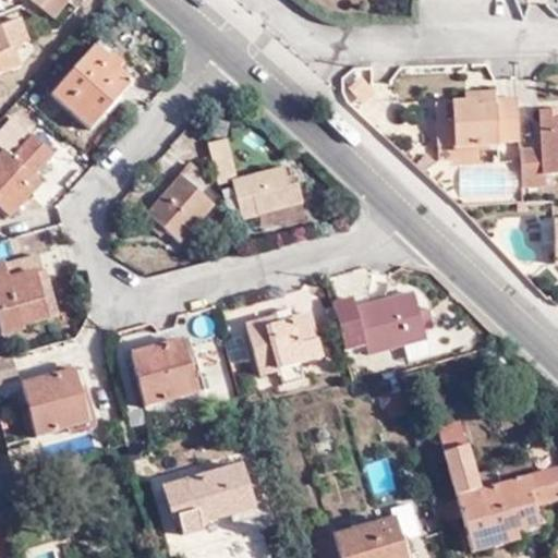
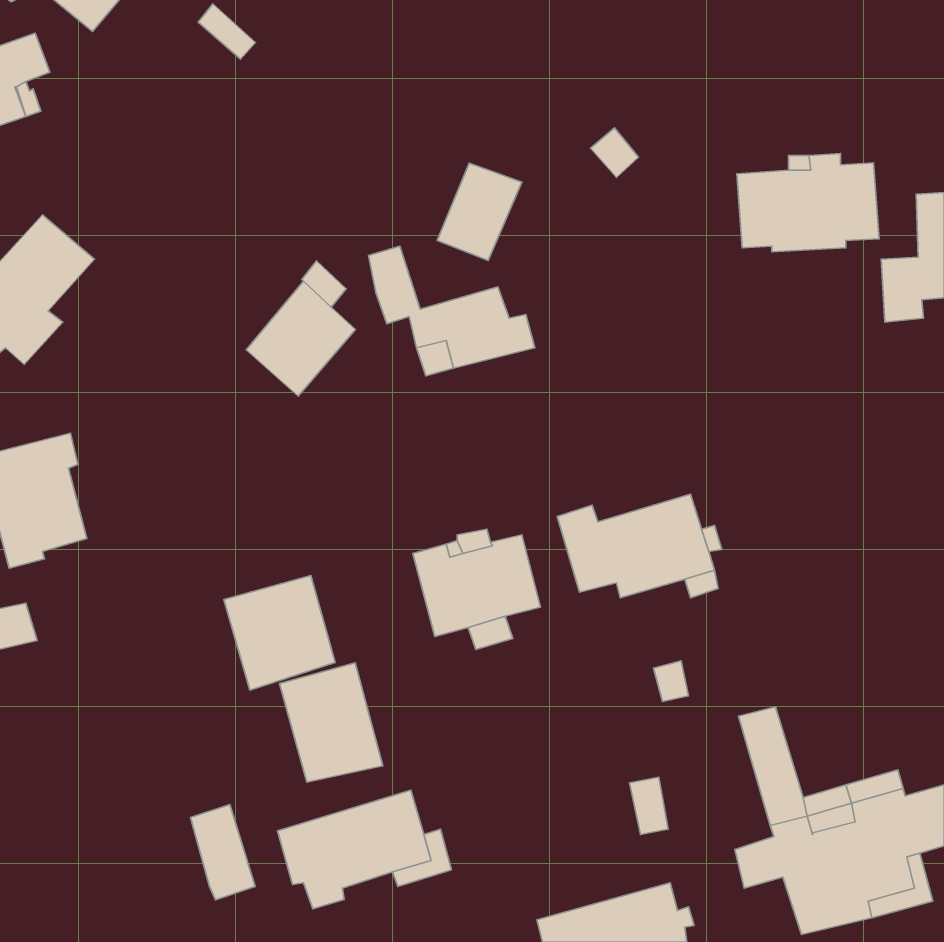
building: [56,44,135,124] -> none
building: none -> [437,163,522,260]
building: [22,368,83,429] -> none
building: none -> [279,663,383,782]
building: none -> [190,804,255,900]

